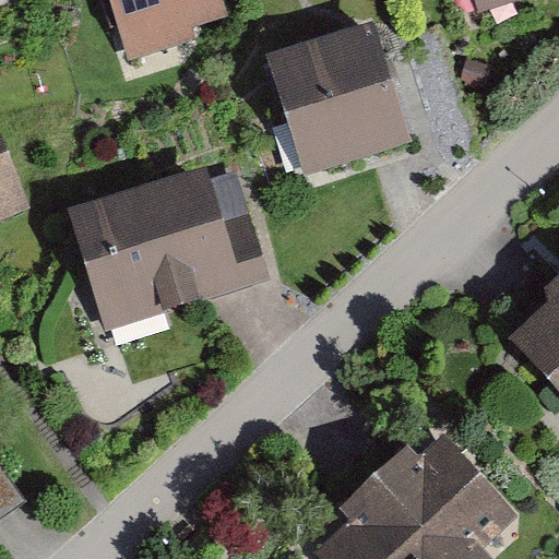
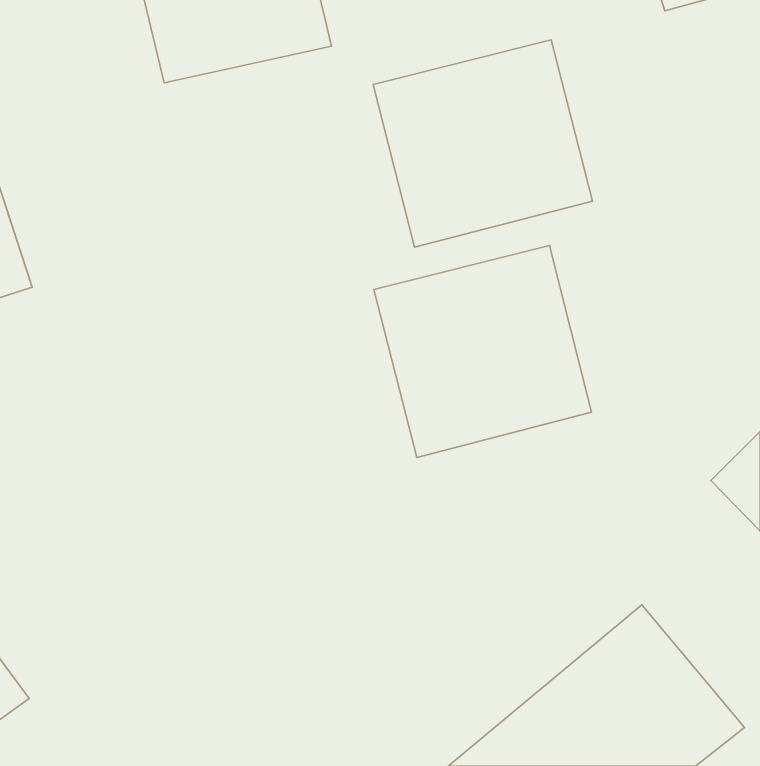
building: [75,167,264,321] -> none
building: none -> [374,245,592,458]

